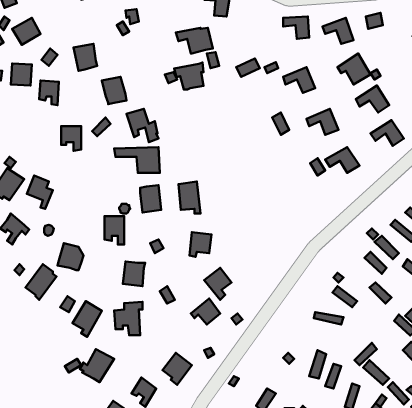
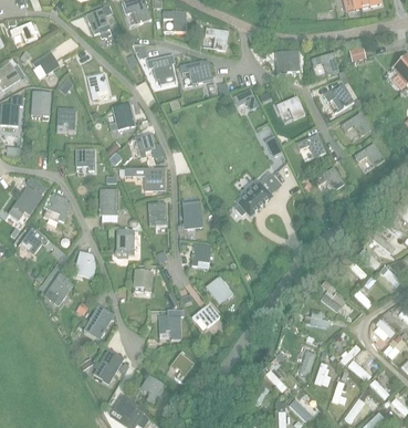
building: [174,62,204,90] -> [147,54,174,79]
building: none -> [234,173,281,217]
building: none -> [100,188,116,215]
building: [114,302,143,335] -> [158,310,184,340]

